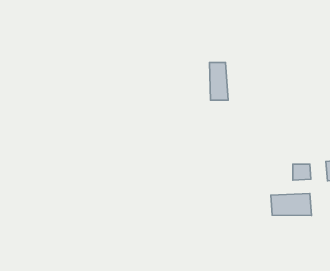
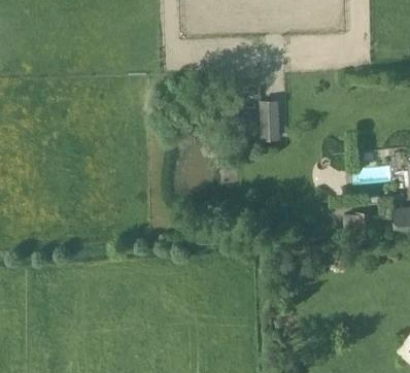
building: [271,193,312,215] -> none

